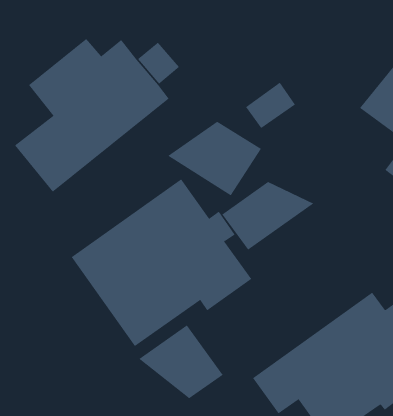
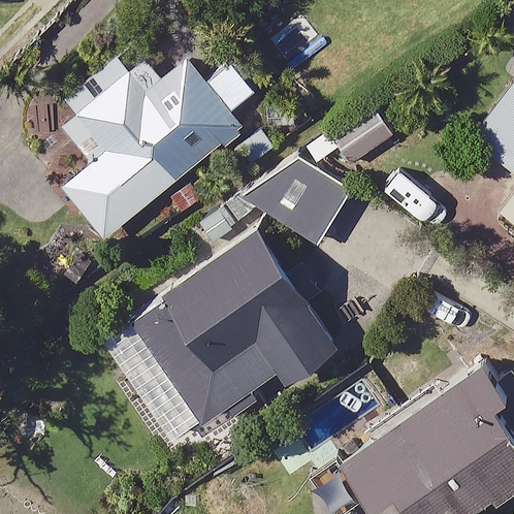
building: [221,181,315,250] -> none
building: [138,324,223,399] -> none

